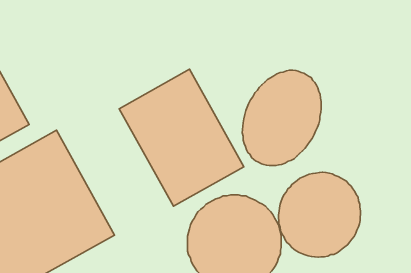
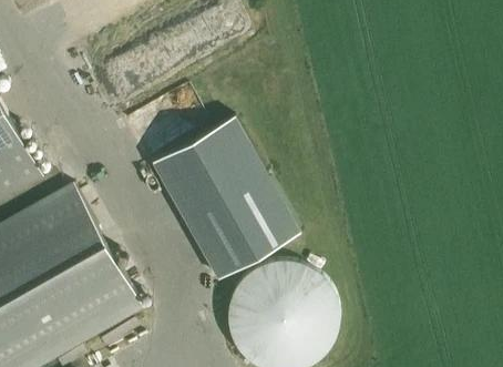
building: [242,70,321,166] -> none
building: [278,172,361,257] -> none

